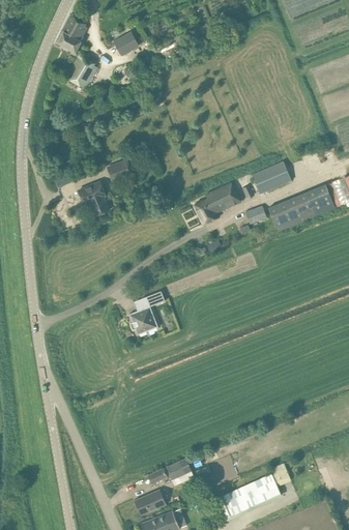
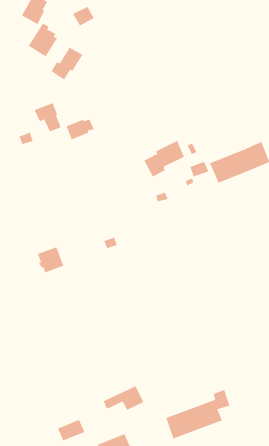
building: none -> [51,47,83,81]
building: [251,160,292,195] -> none
building: [78,182,109,215] -> [34,103,62,132]
building: [128,305,158,335] -> [37,246,64,273]
building: [135,490,166,514] -> [57,419,85,441]

